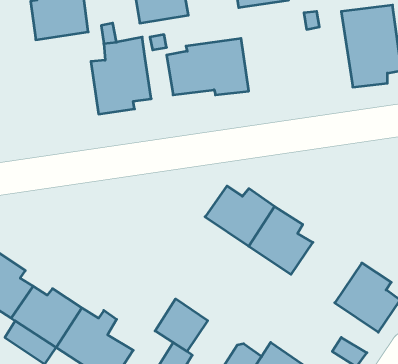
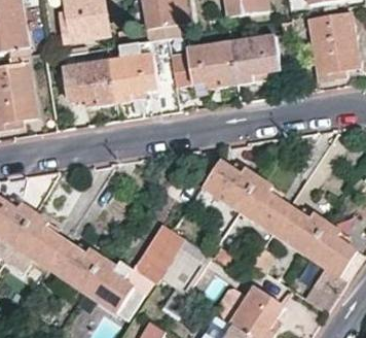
building: none -> [229,36,278,83]
building: none -> [66,60,115,107]
building: none -> [269,205,326,254]
building: none -> [136,225,185,284]

